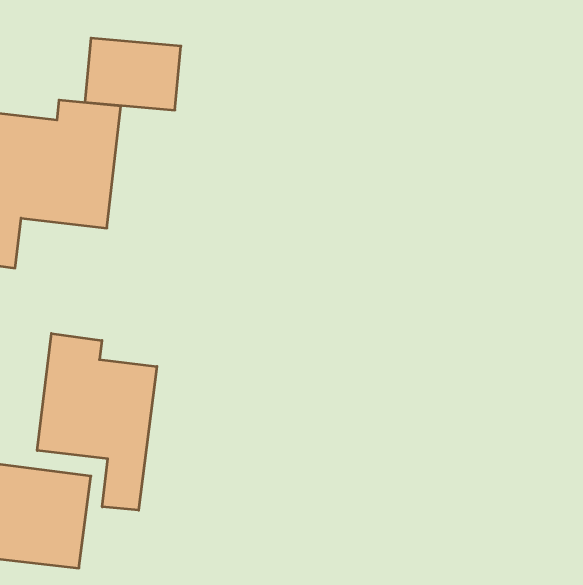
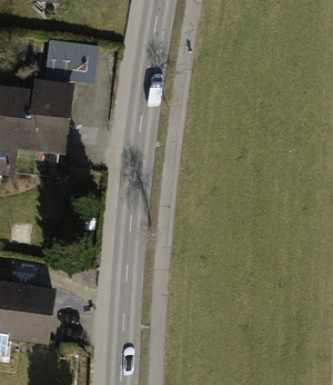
building: [37,333,157,510] -> none

